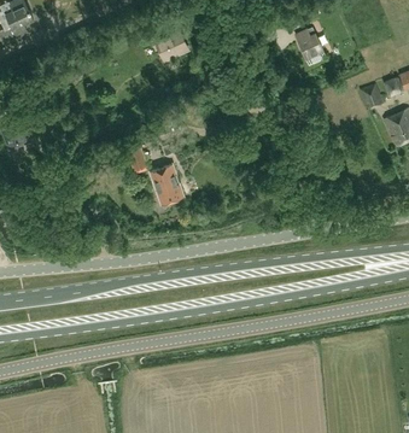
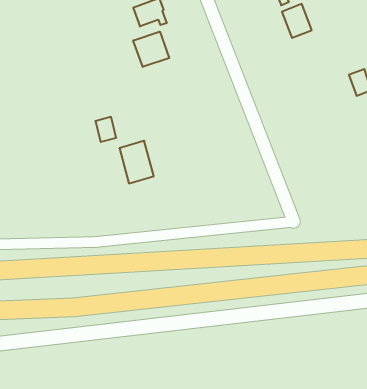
building: none -> [133,32,169,67]

